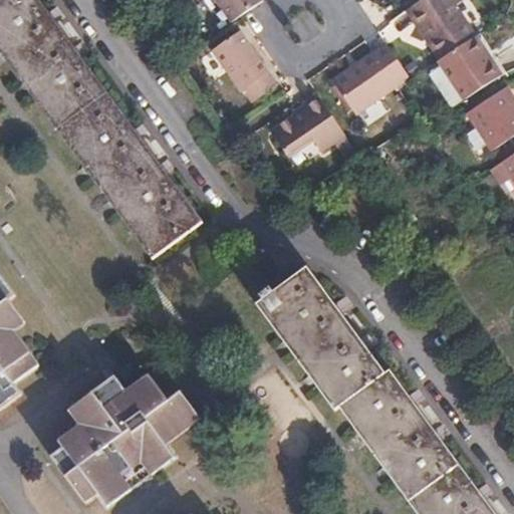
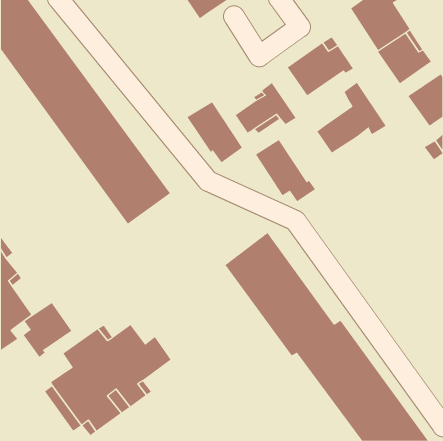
building: [210,32,275,103] -> [186,102,243,163]
building: none -> [316,82,387,154]
building: none -> [255,139,316,202]
building: none -> [23,302,72,358]

